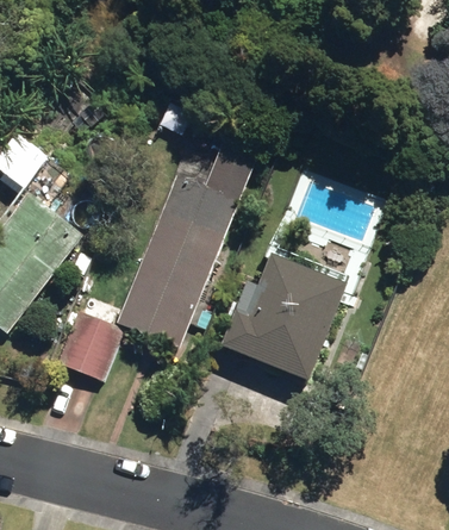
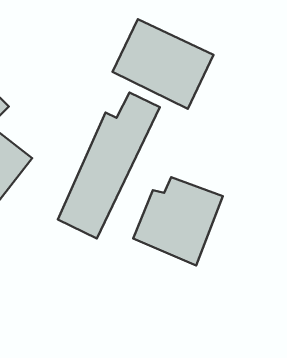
building: none -> [113,19,214,109]
building: [58,311,125,380] -> none

